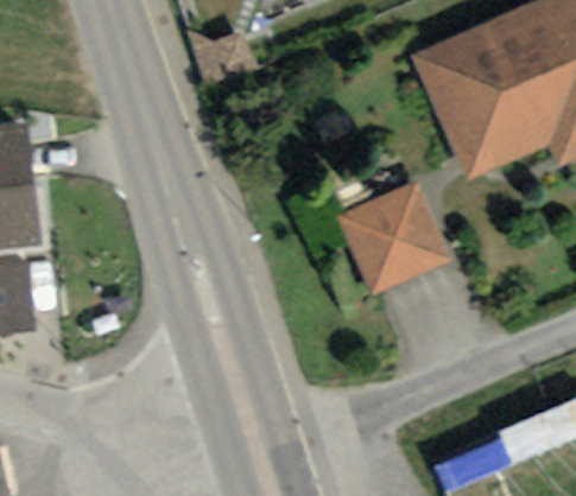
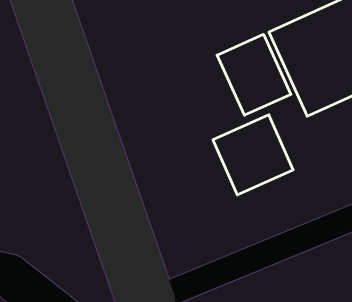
building: none -> [217,34,291,115]

